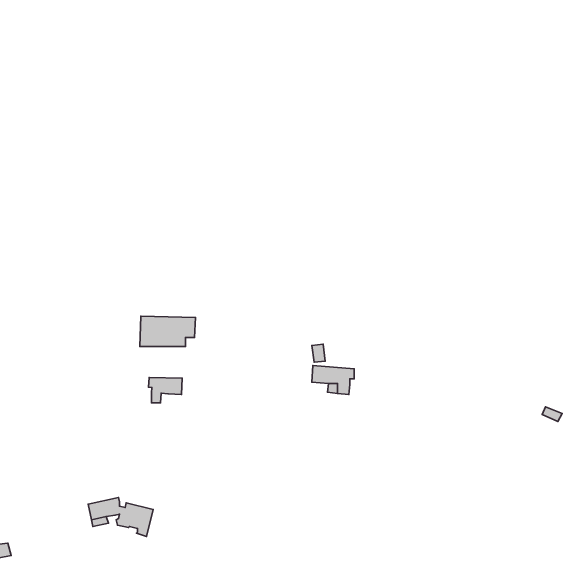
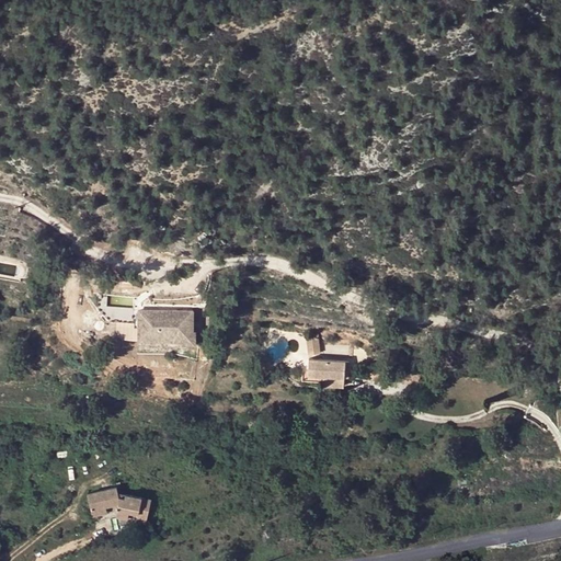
building: [148,378,182,403] -> none

